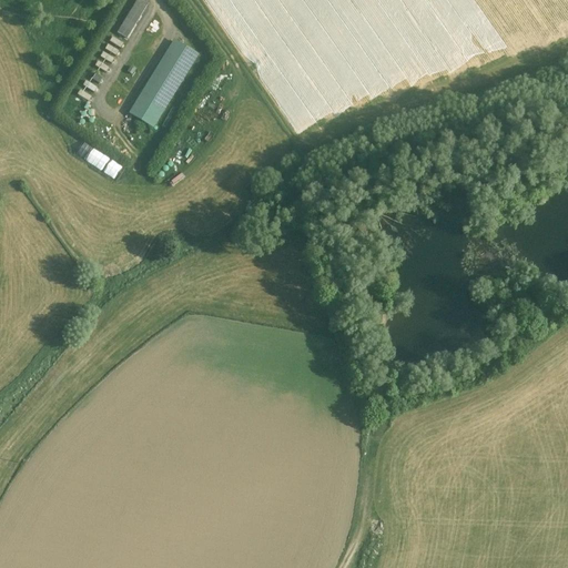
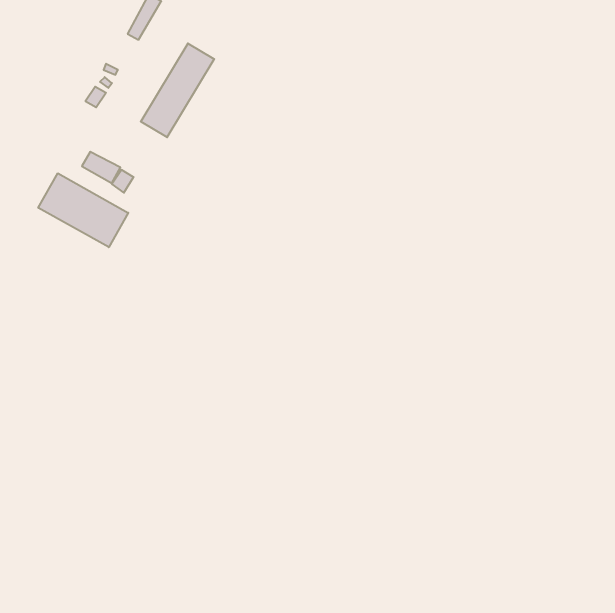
building: none -> [38,173,128,247]

